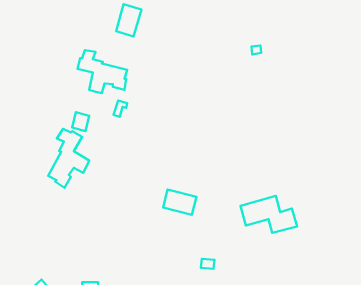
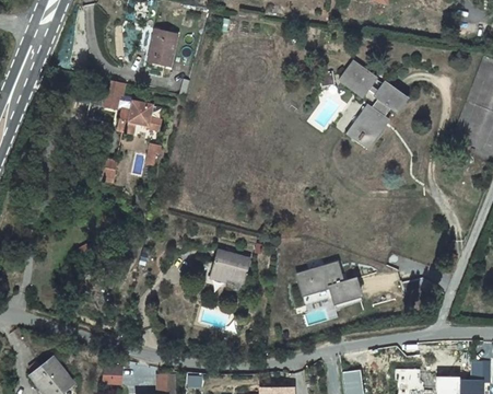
building: none -> [331,62,399,151]
building: [48,129,89,188] -> none

